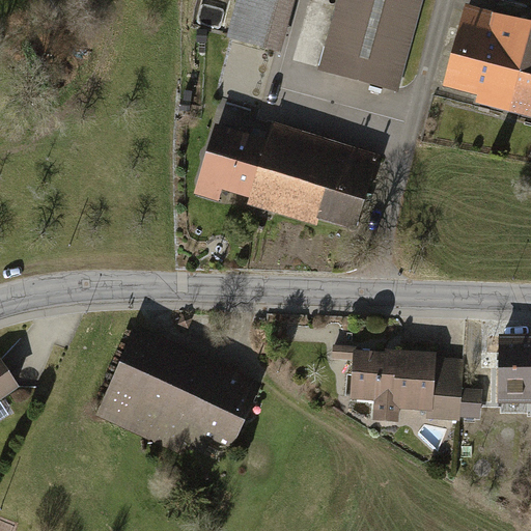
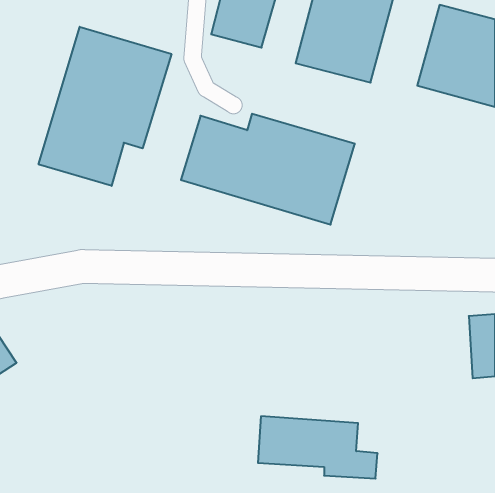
building: none -> [39,27,171,186]
building: [96,330,260,462] -> none
building: [354,351,481,417] -> [258,416,378,479]

